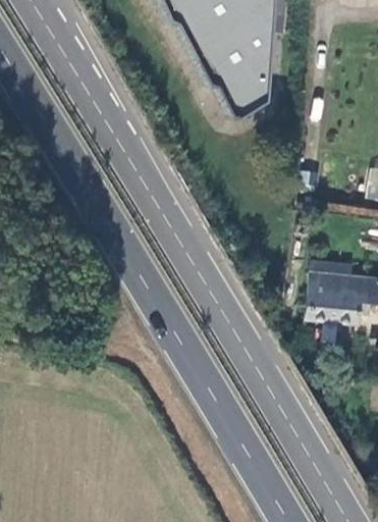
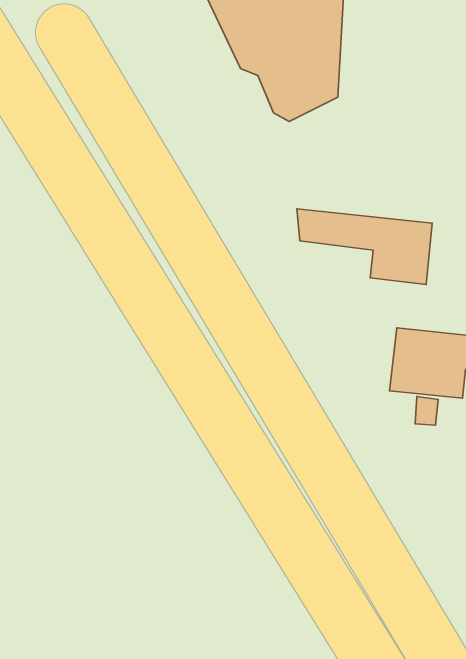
building: none -> [297,209,432,284]

